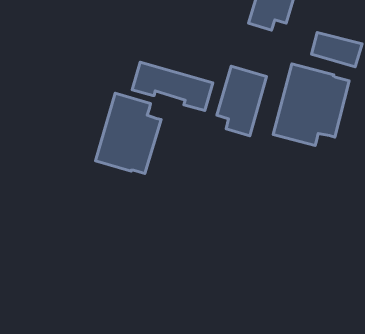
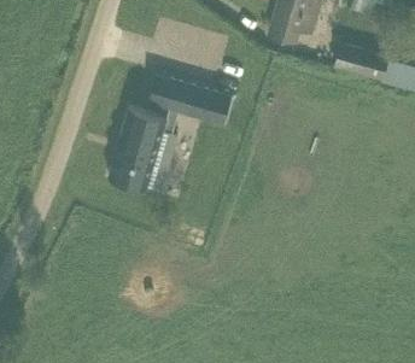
building: [273,64,349,145] -> none
building: [217,66,267,136] -> none

